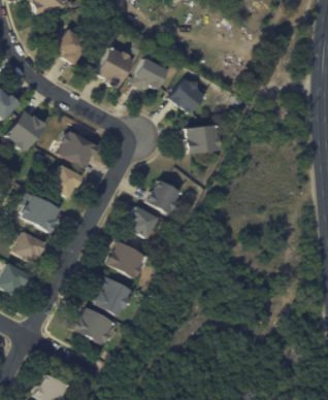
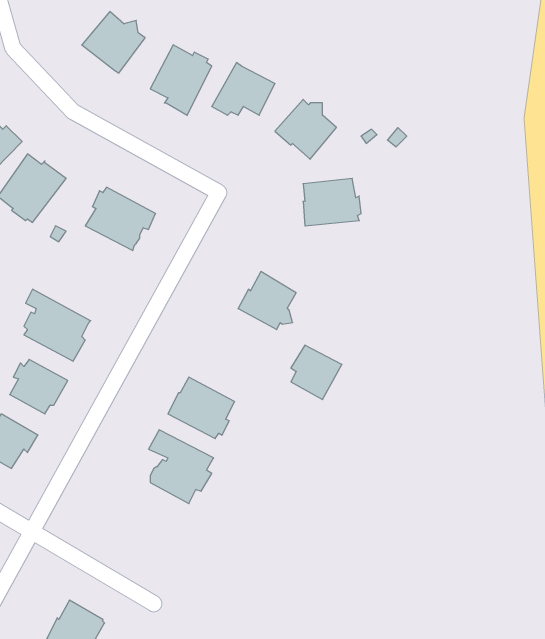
building: [50,166,84,199] -> none
building: [129,206,159,238] -> [291,345,342,400]
building: [72,308,113,346] -> none

